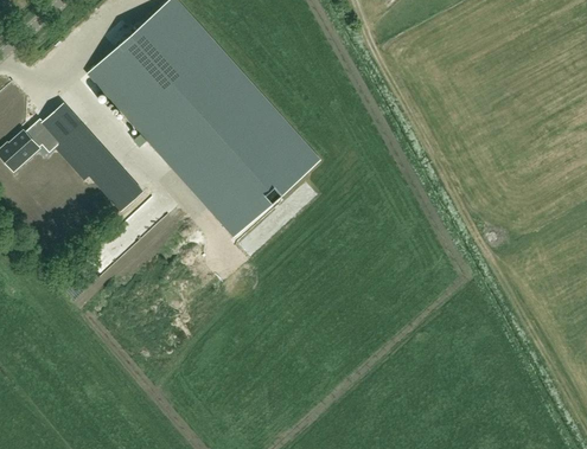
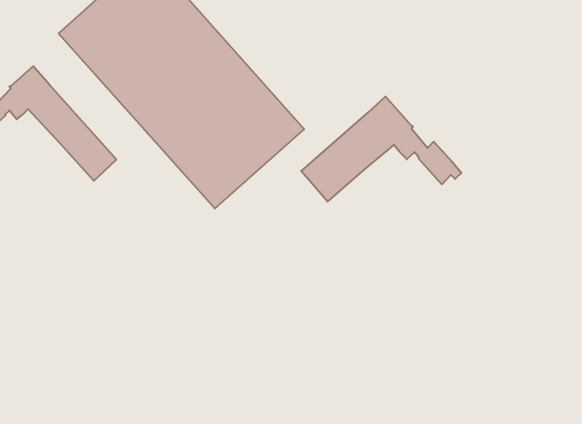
building: none -> [301,97,461,202]

